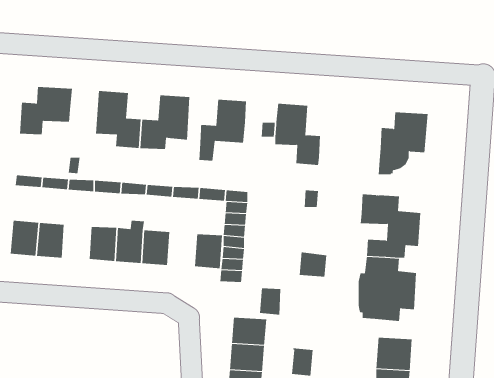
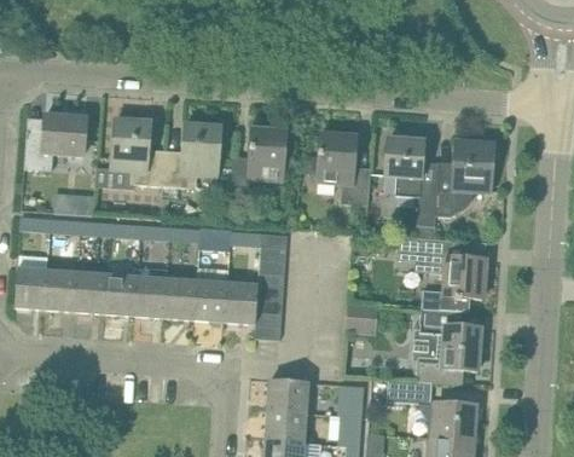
building: none -> [385,138,439,238]
building: none -> [75,272,108,312]
building: none -> [196,280,228,320]
building: [259,288,281,315] -> [338,384,364,416]
building: none -> [388,377,433,404]

